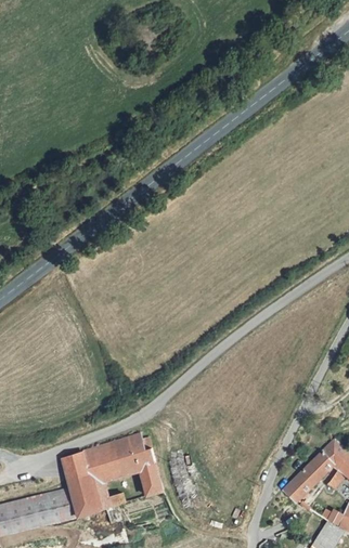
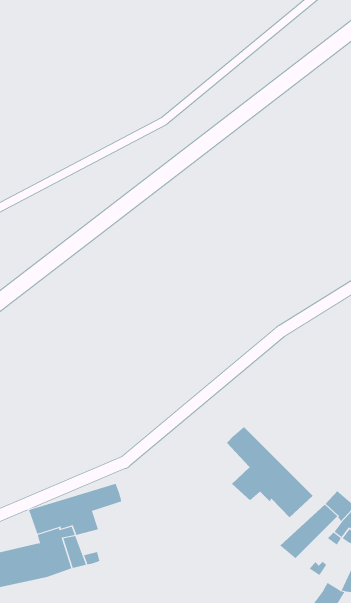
building: none -> [226,426,313,518]
building: [117,441,161,497] -> none

